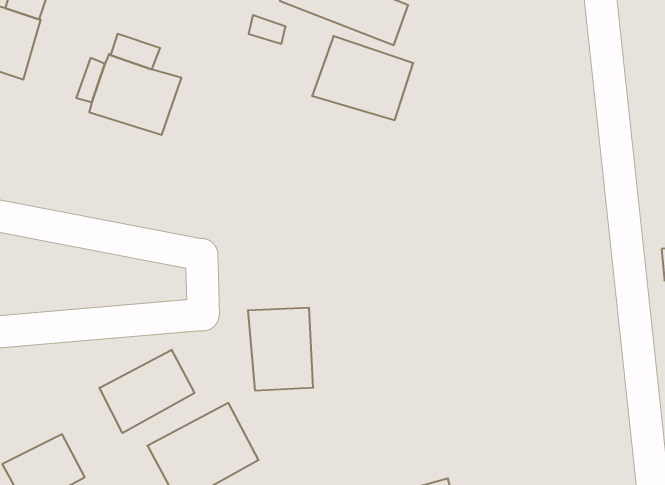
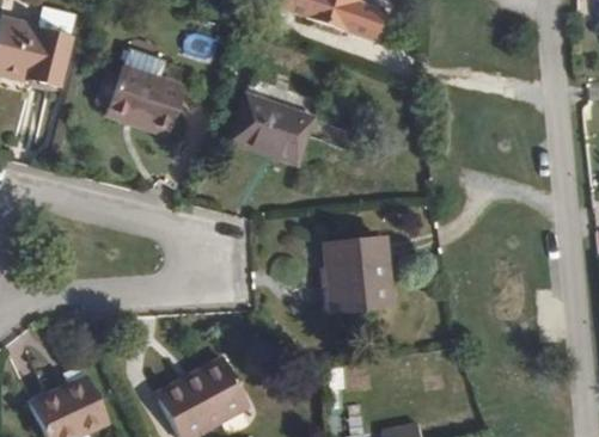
building: [312,36,413,120] -> [231,96,316,166]
building: [248,308,313,390] -> [329,251,384,320]
building: [99,350,194,433] -> none

